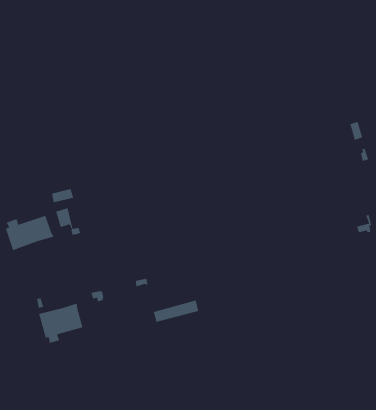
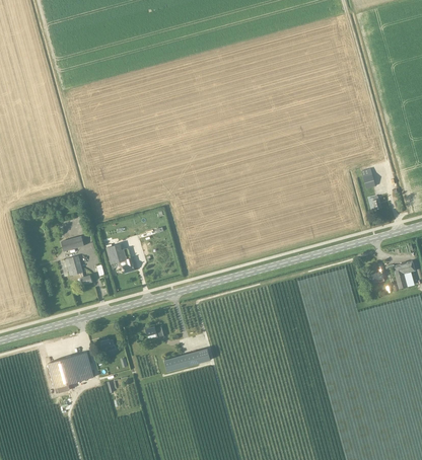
building: none -> [107,243,136,272]
building: [5,215,54,251] -> none

